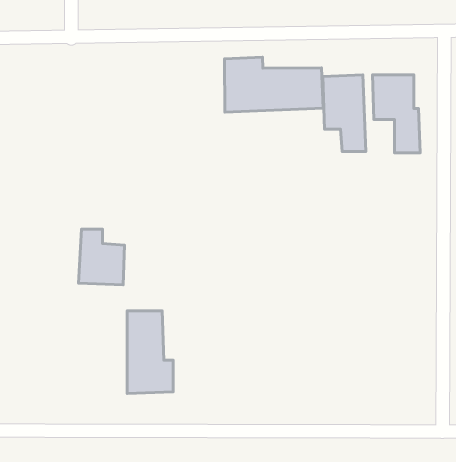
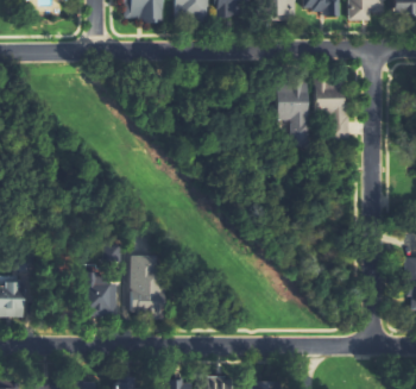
building: [225,57,323,112] -> none
building: [78,229,125,285] -> [82,271,116,313]

